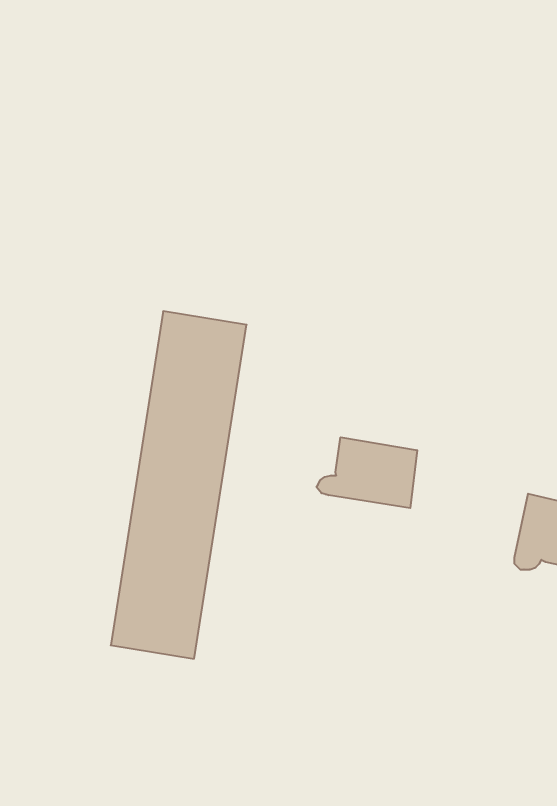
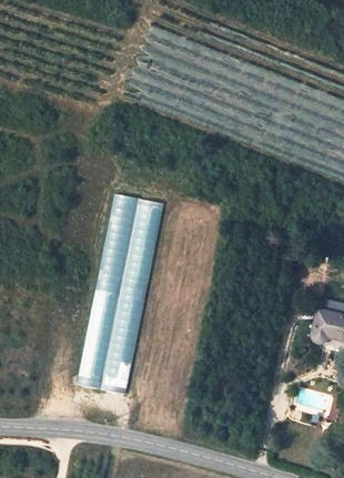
building: [317,437,417,508] -> none

